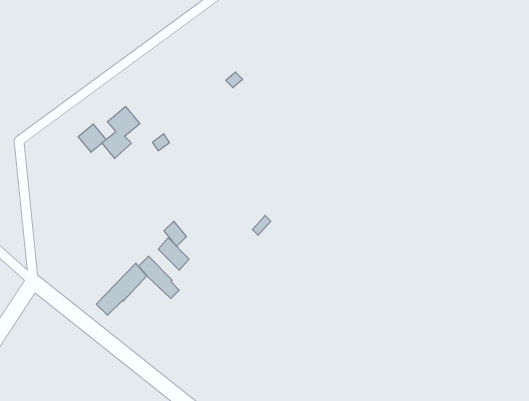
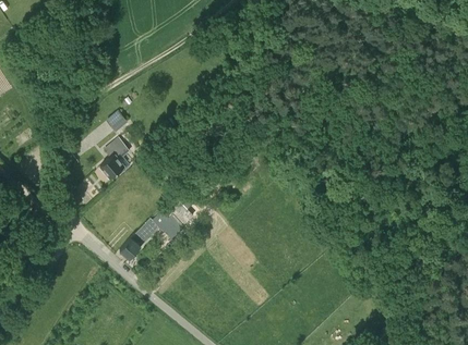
building: [102,107,140,159] -> [99,139,129,180]

